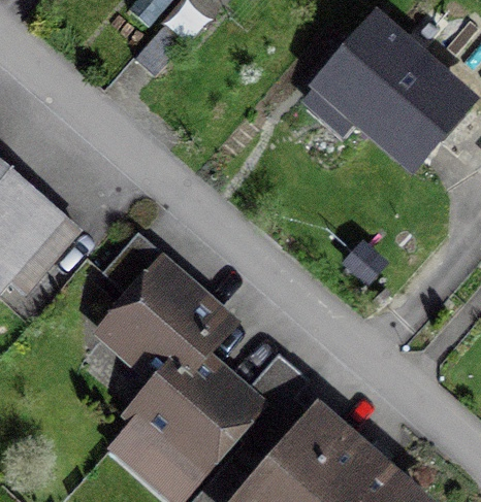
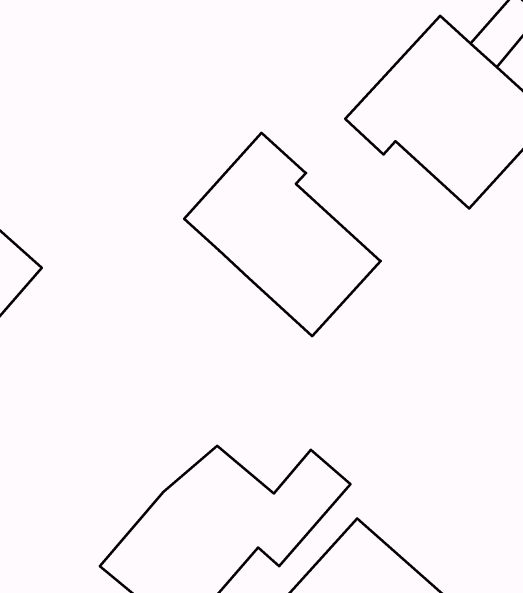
building: none -> [184,133,381,336]
building: [93,259,230,390] -> none

